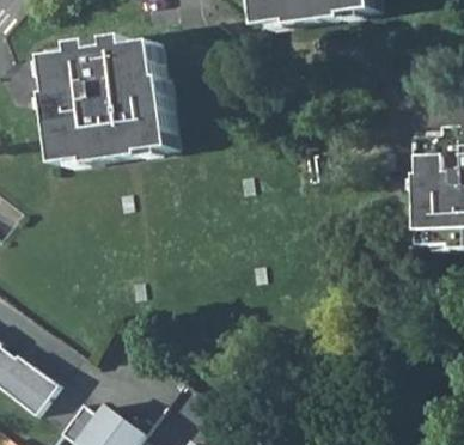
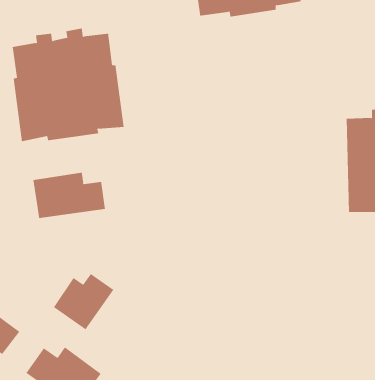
building: none -> [33,172,105,219]
building: none -> [53,273,114,330]

